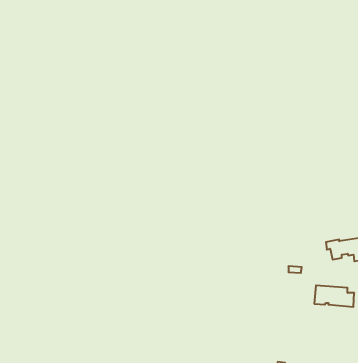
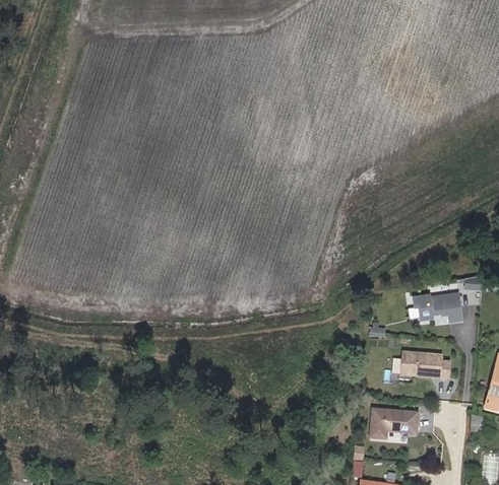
building: none -> [370,408,417,437]

